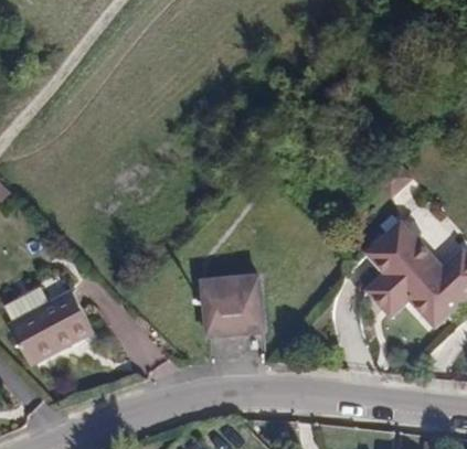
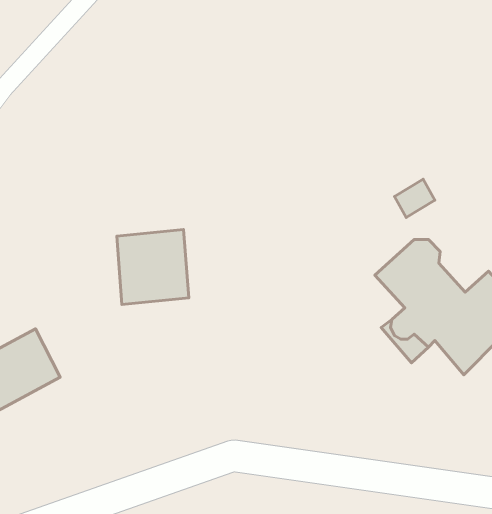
building: [202,276,263,339] -> [117,230,189,304]

